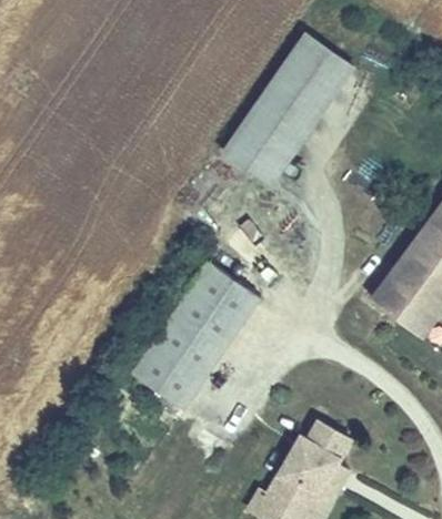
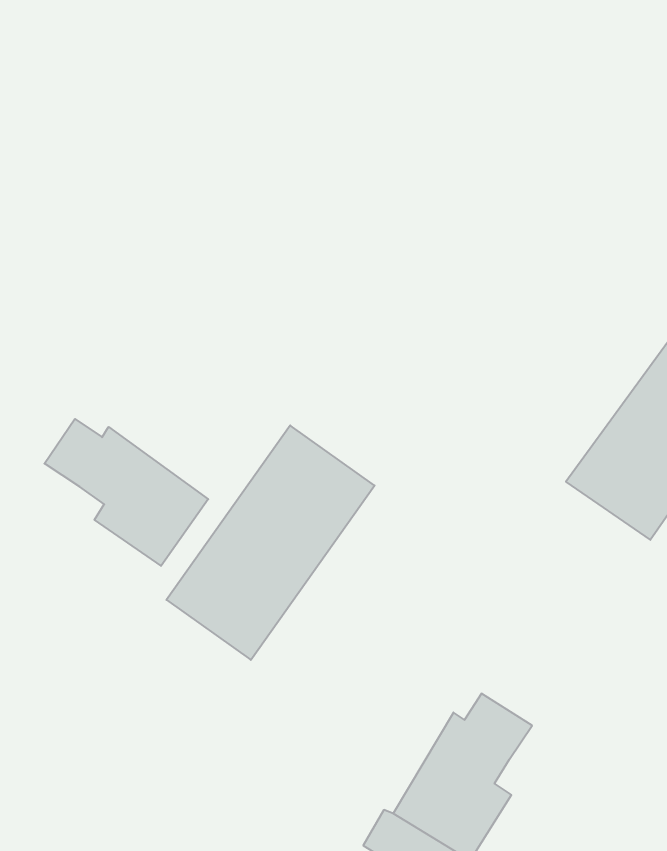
building: [218,33,354,186] -> none
building: none -> [44,419,208,566]

